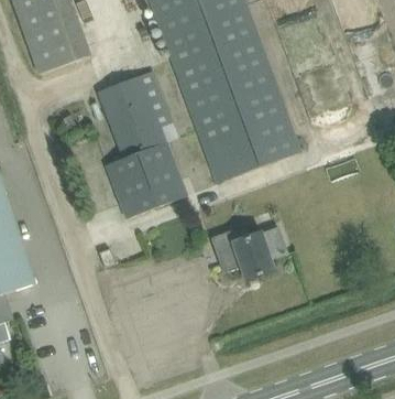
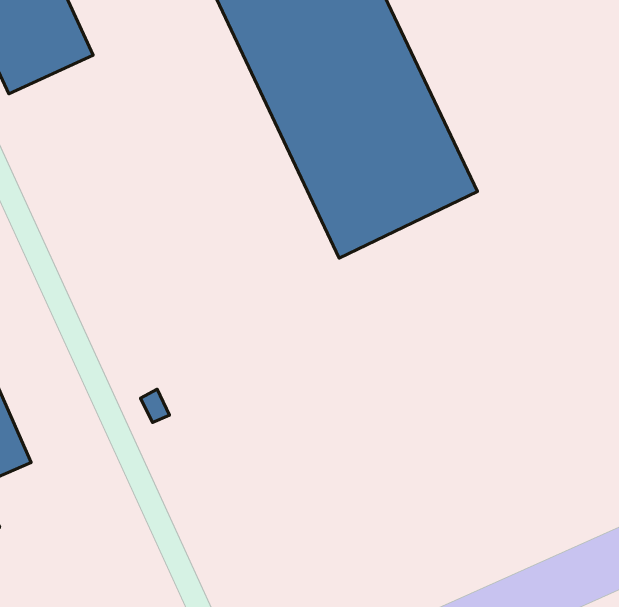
building: [97,71,186,217] -> none
building: [210,225,273,280] -> none

